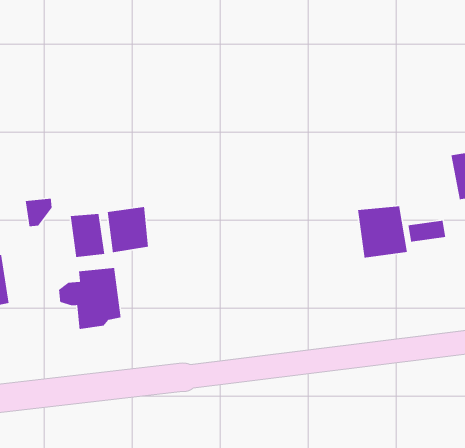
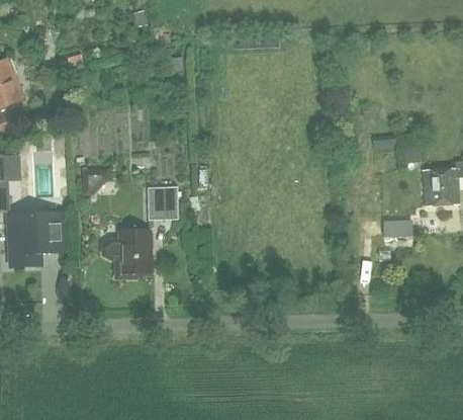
building: [357,205,408,258] -> none
building: [70,213,105,258] -> none

